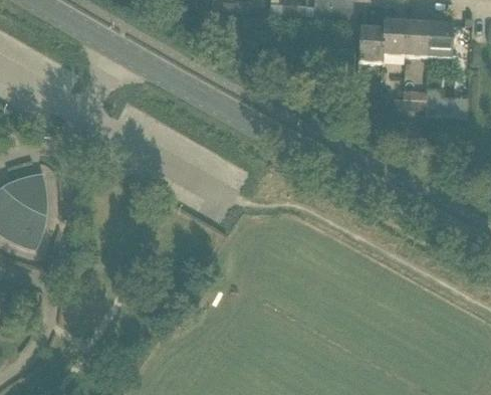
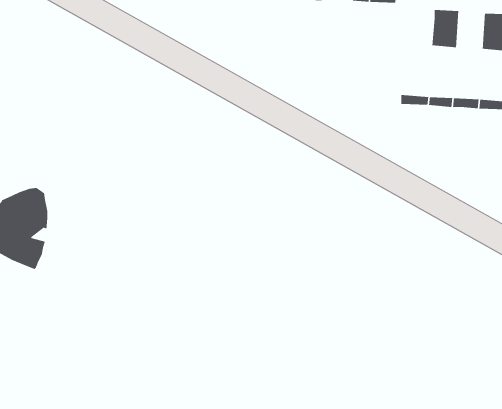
building: [405,20,429,54] -> none
building: [358,26,385,60] -> none

